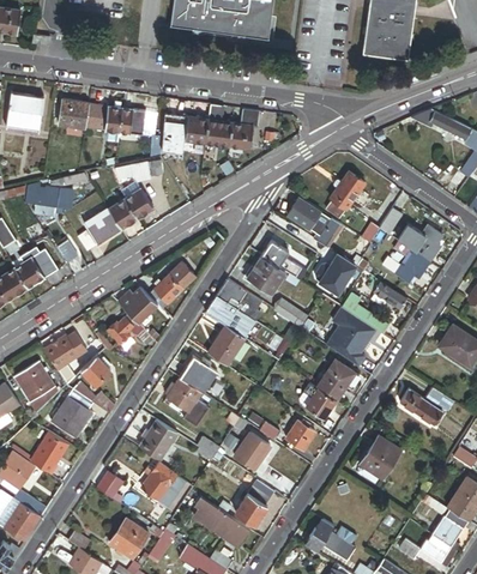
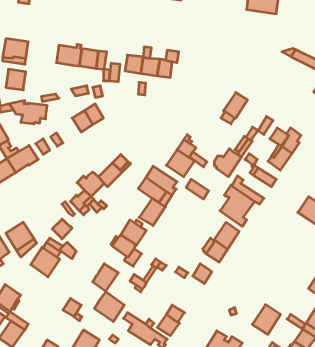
building: [62,101,91,131] -> [6,69,26,90]
building: [286,198,343,248] -> none
building: [86,211,123,244] -> none
building: [44,332,87,371] -> none
building: [399,387,451,424] -> none
building: [31,431,68,473] -> none
building: [234,434,268,470] -> none
building: [360,435,400,478] -> [252,305,280,334]

